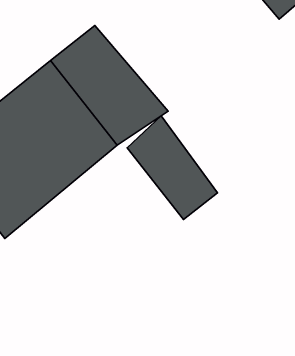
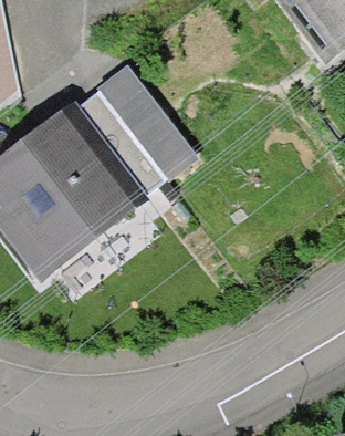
building: [127,116,218,219] -> none

